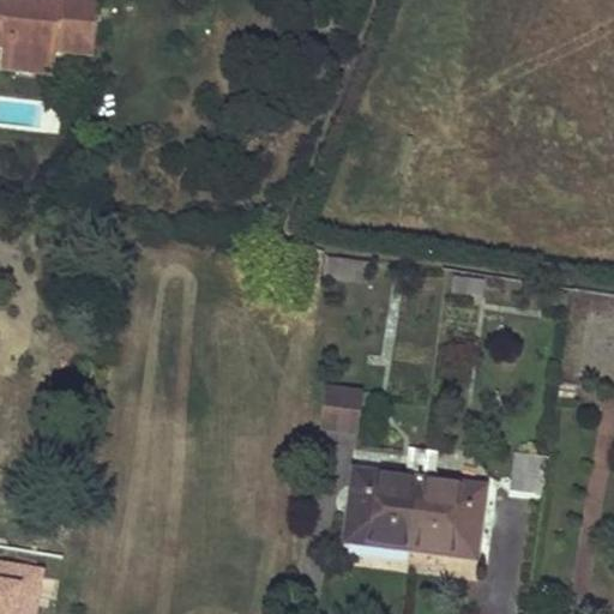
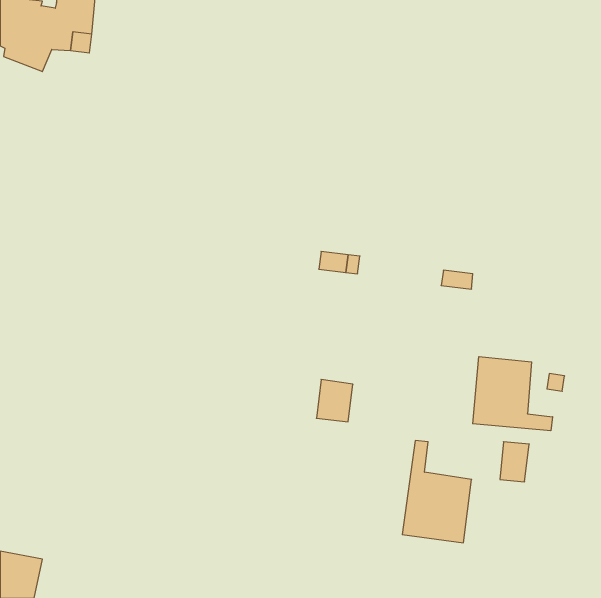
building: none -> [473,357,553,431]
building: [348,447,423,546] -> none

